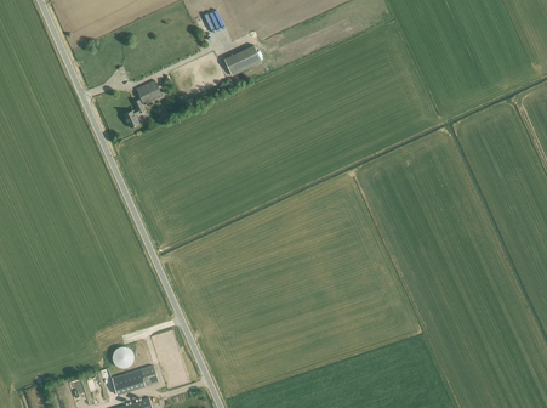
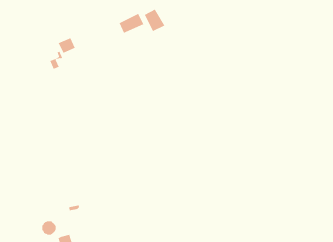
building: none -> [144,8,165,32]

